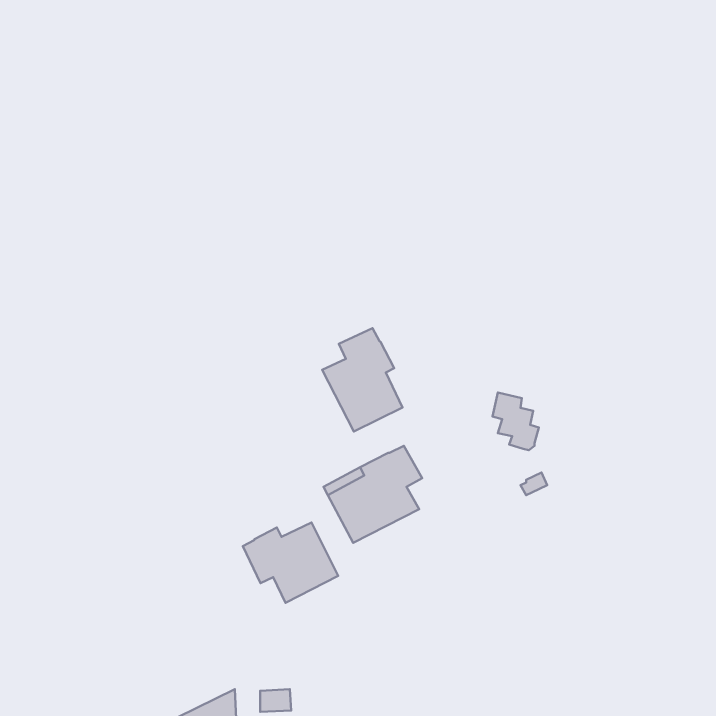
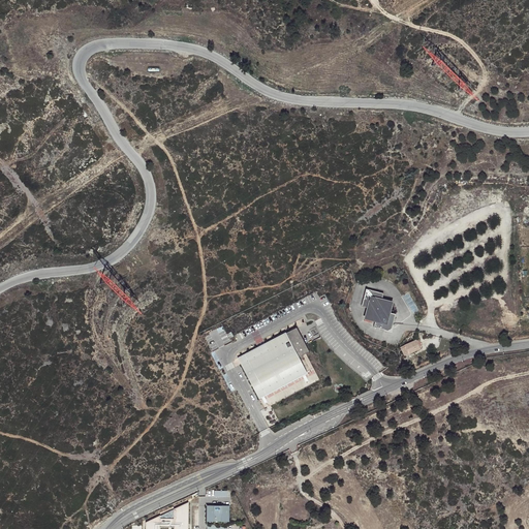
building: [322,328,403,432] -> none
building: [243,523,338,603] -> none

